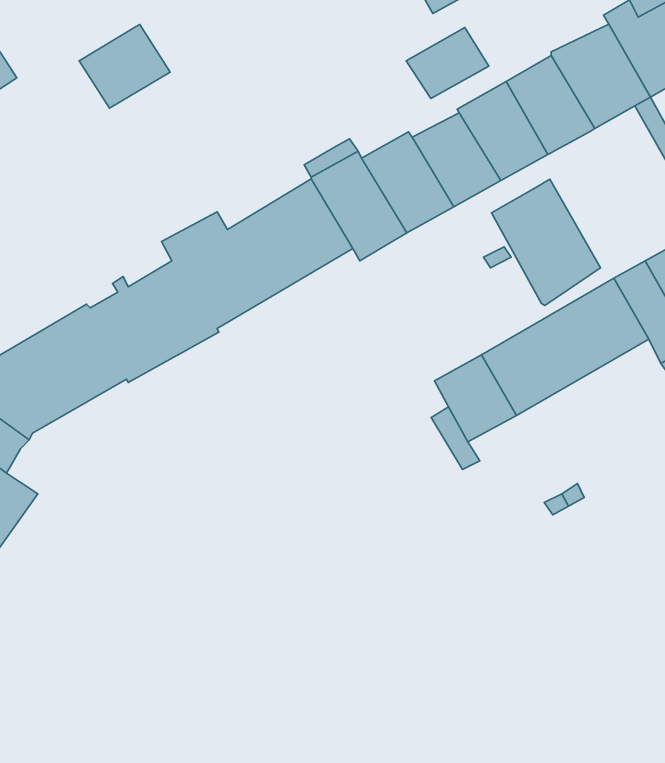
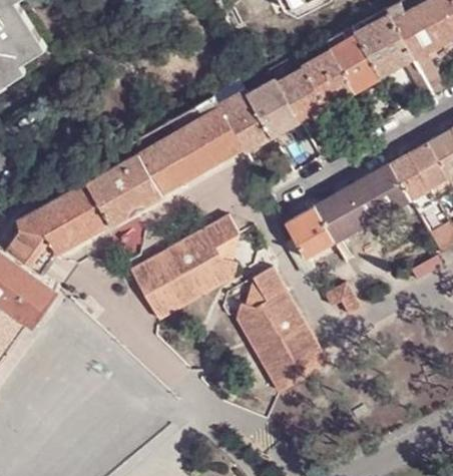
building: [79,25,170,108] -> none
building: [406,27,489,98] -> none
building: [492,179,600,306] -> none
building: none -> [131,214,238,320]
building: none -> [235,266,326,389]

